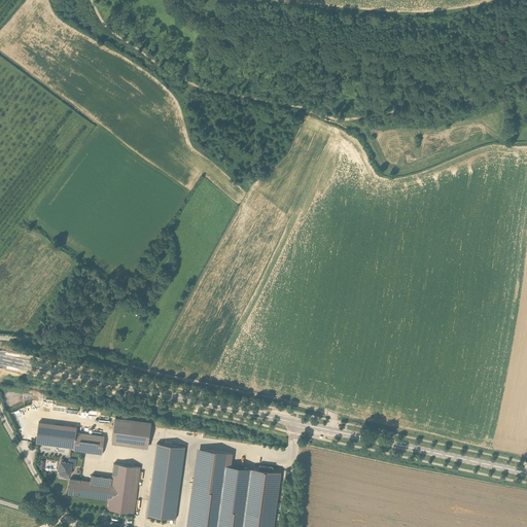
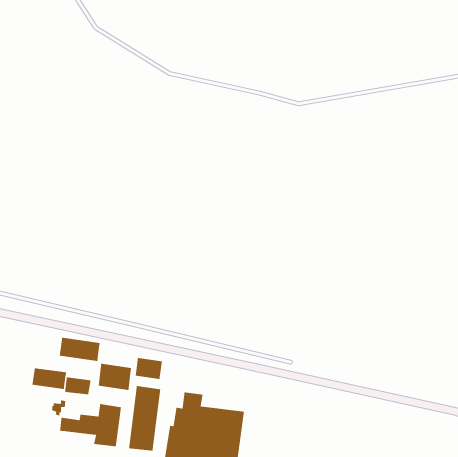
building: none -> [59,337,101,362]
building: none -> [135,357,163,380]

